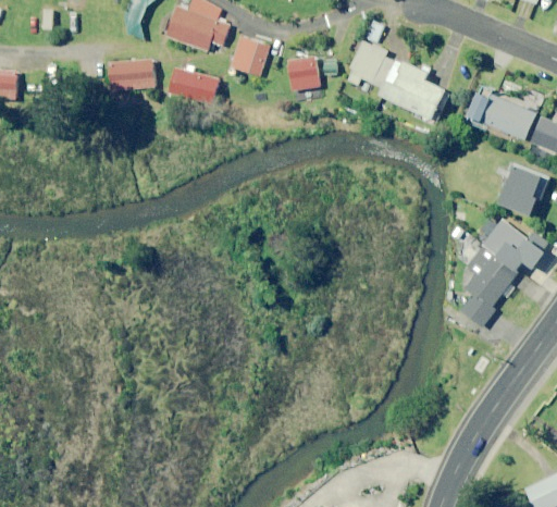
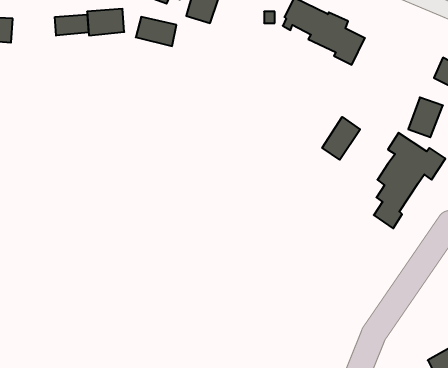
building: [286,55,319,90] -> none
building: none -> [55,15,88,36]
building: [469,94,536,140] -> none
building: none -> [322,117,360,160]

